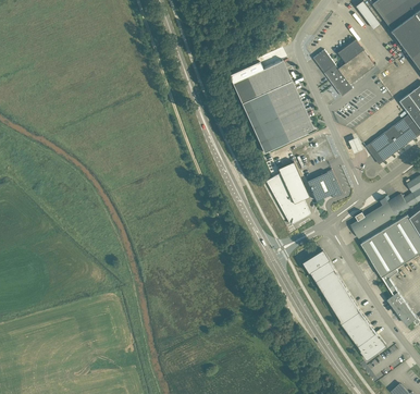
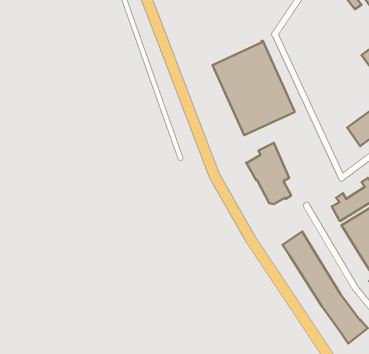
building: [312,39,380,97] -> none
building: [306,170,341,201] -> none

